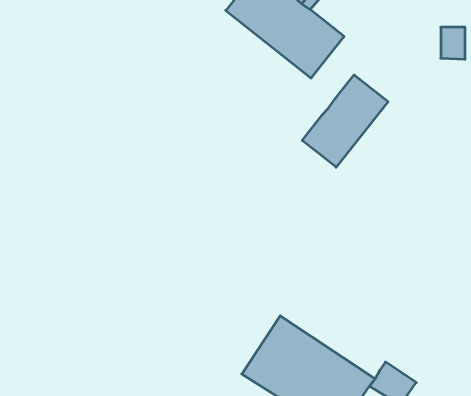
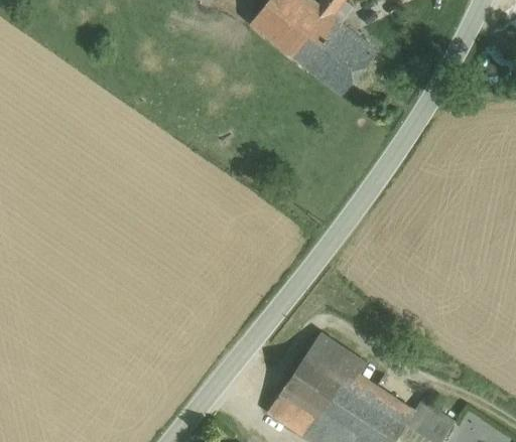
building: [302,75,388,167] -> none
building: none -> [308,331,415,417]

